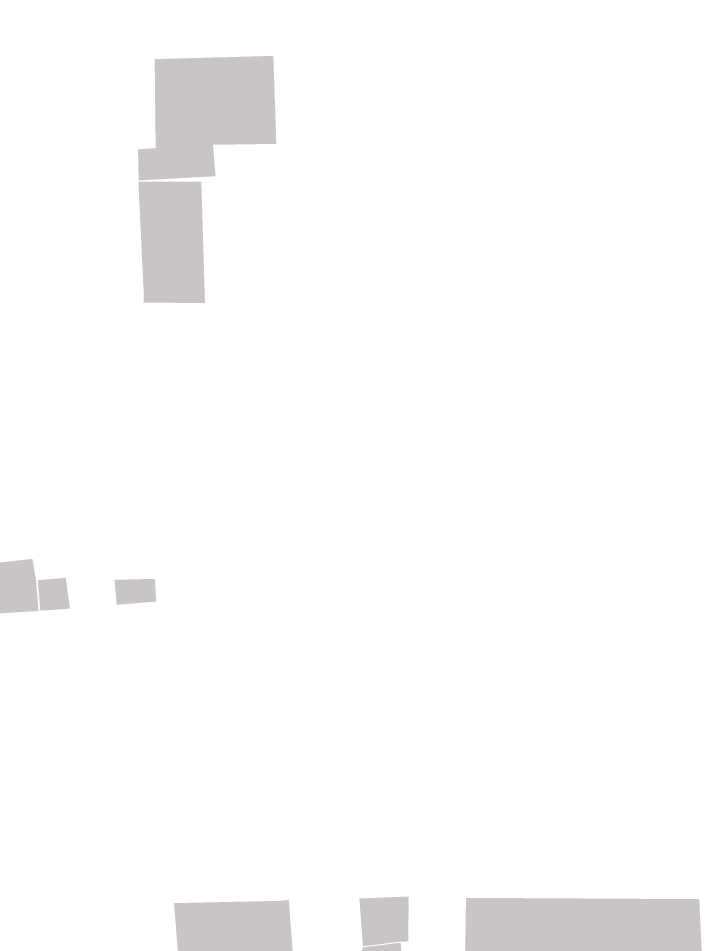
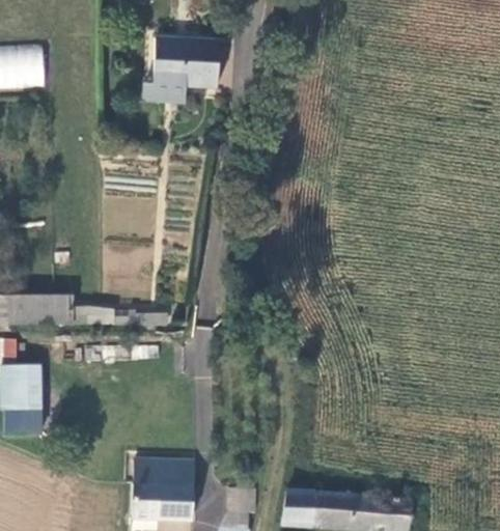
building: [138,181,205,304] -> none
building: none -> [131,457,189,484]

